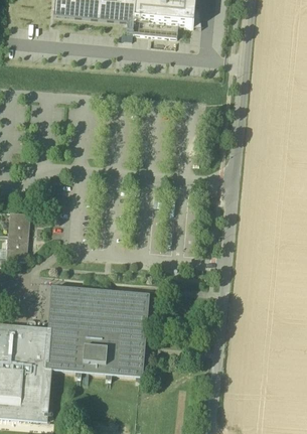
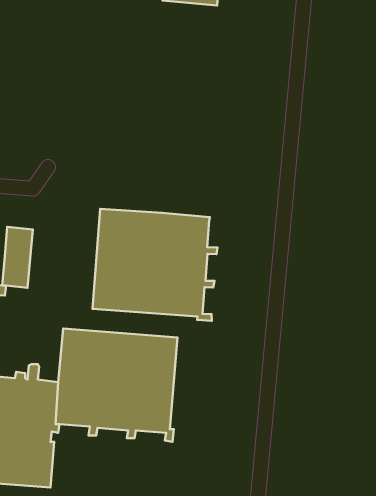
building: none -> [93,209,218,321]

